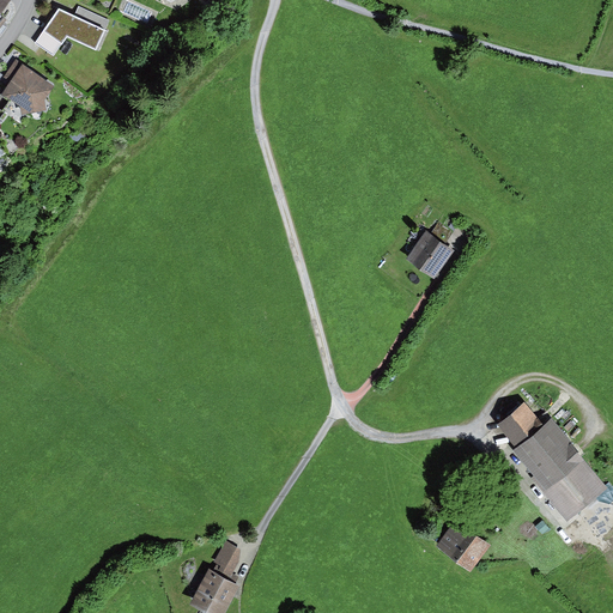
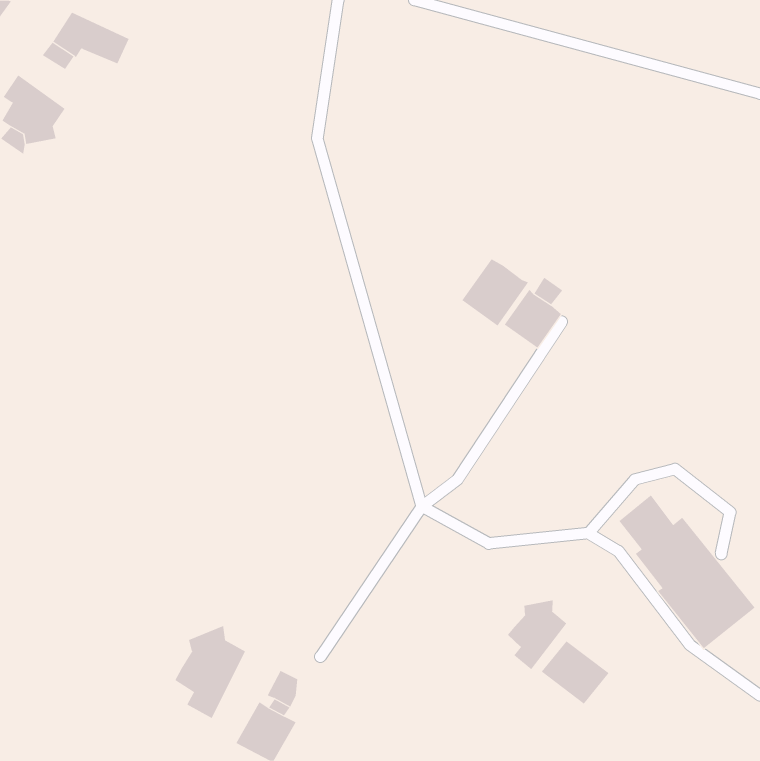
building: none -> [461,259,529,327]
building: none -> [507,600,567,670]
building: none -> [174,625,246,719]

